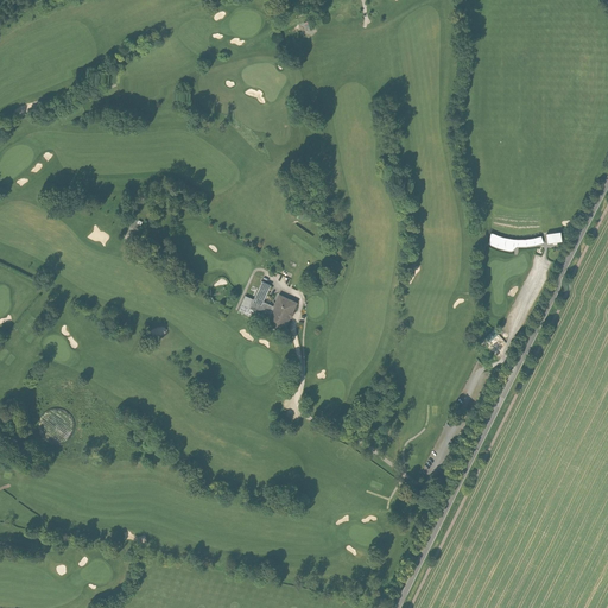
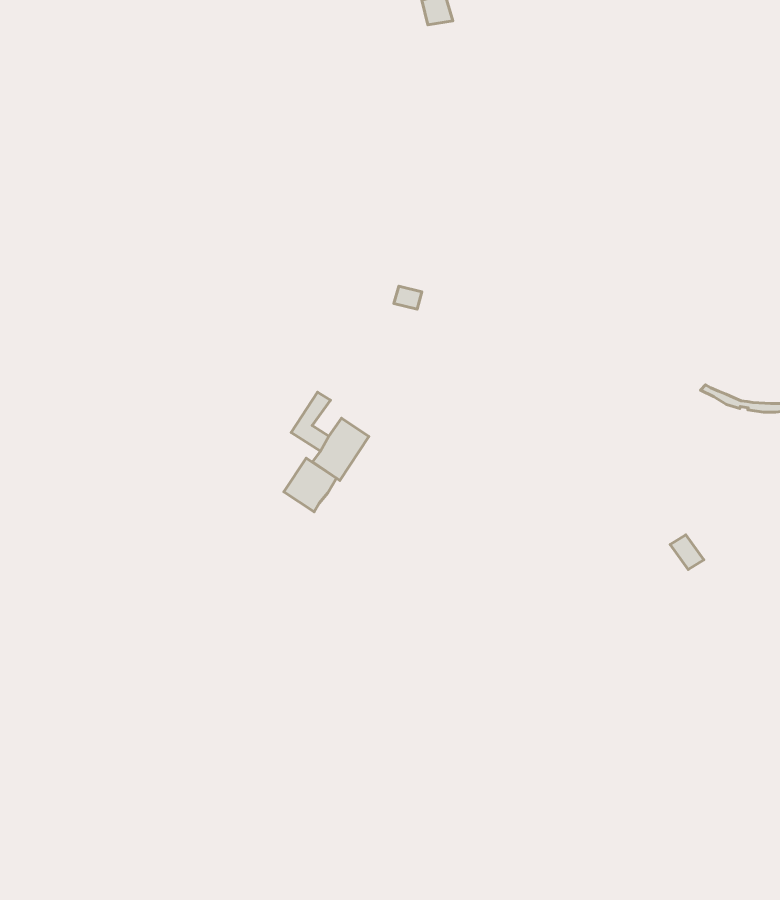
building: none -> [284,458,336,512]

